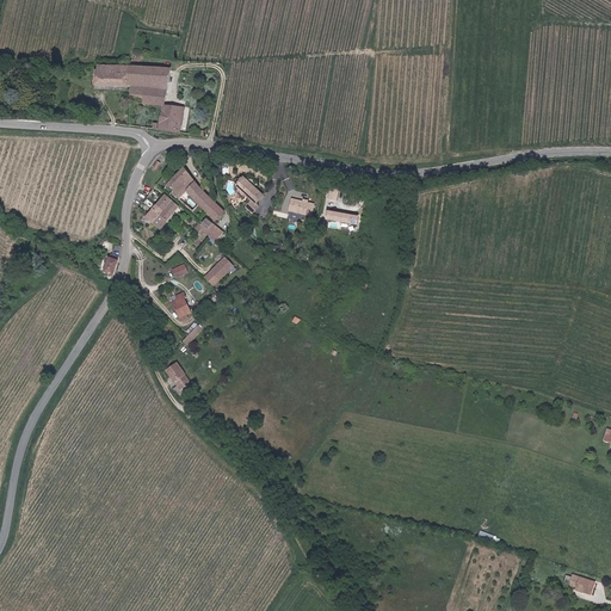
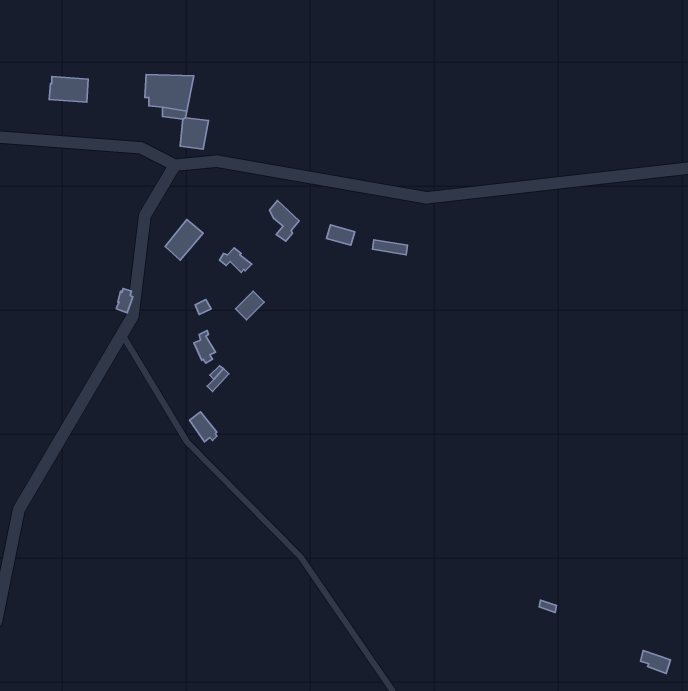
building: [94,63,129,86] -> [49,77,88,102]
building: [167,168,223,221] -> none

